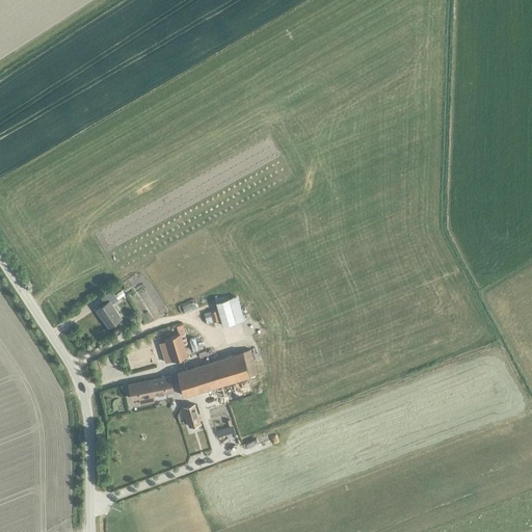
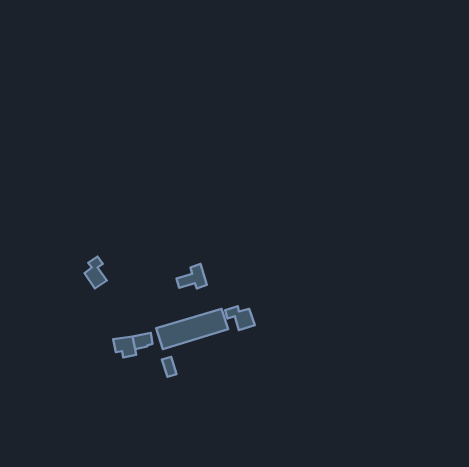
building: [158,336,186,365] -> none
building: none -> [225,306,255,330]

